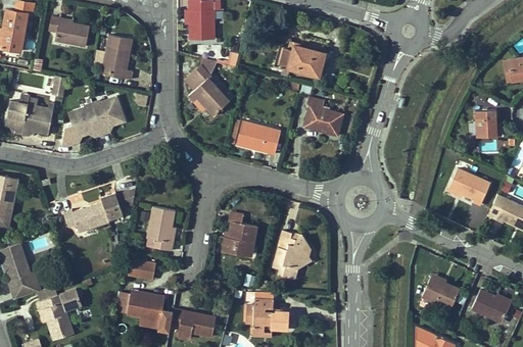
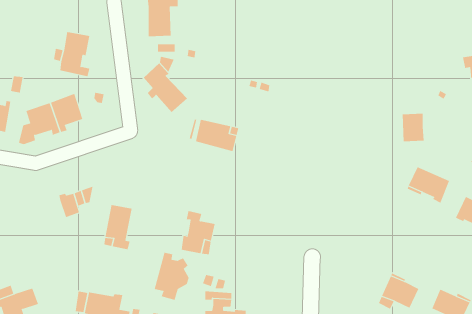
building: [49,16,90,47] -> none
building: [274,46,326,77] -> none
building: [304,97,343,136] -> none
building: [475,109,497,138] -> [402,113,424,142]
building: [63,202,109,232] -> none
building: [273,231,308,279] -> [154,252,190,301]
building: [128,259,156,279] -> none

